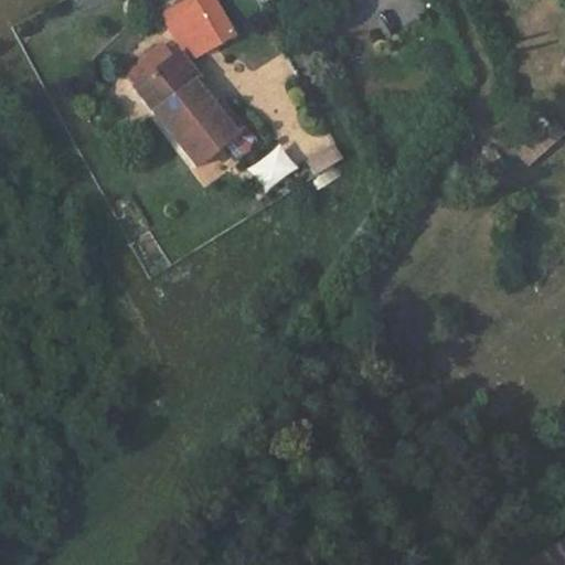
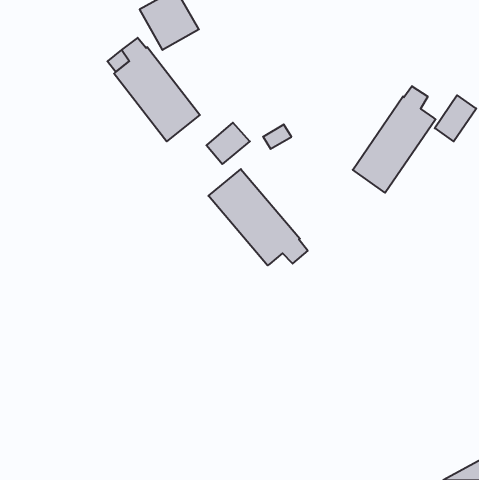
building: none -> [353,86,436,193]
building: none -> [208,169,308,265]

